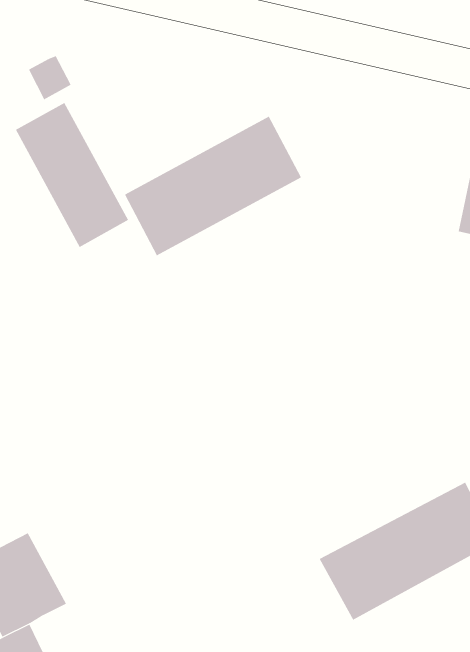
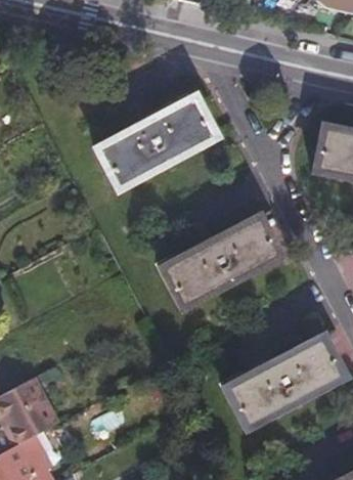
building: [15,102,129,248] -> none
building: none -> [162,220,279,311]

